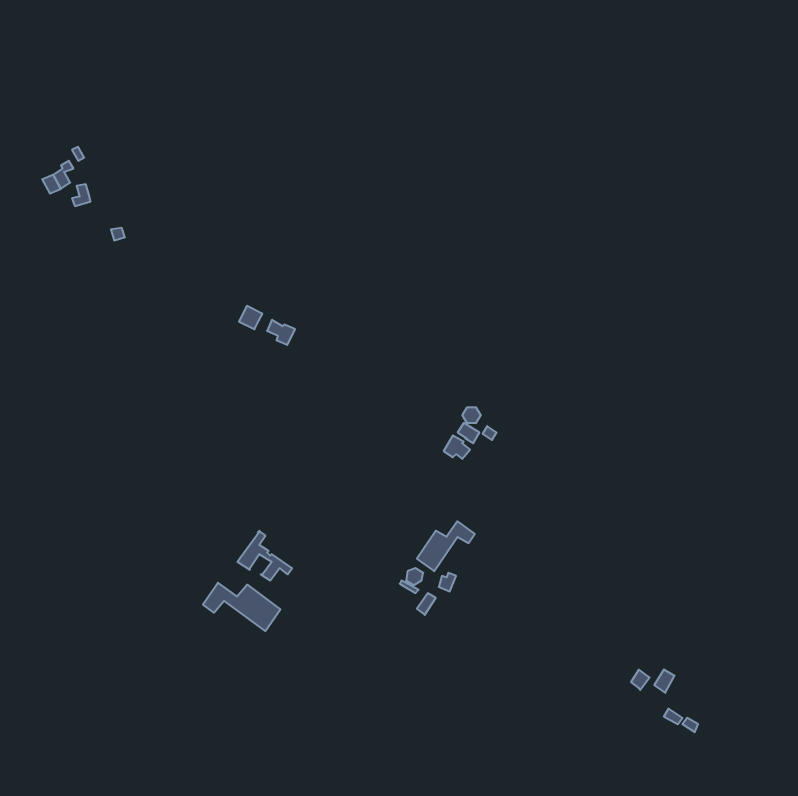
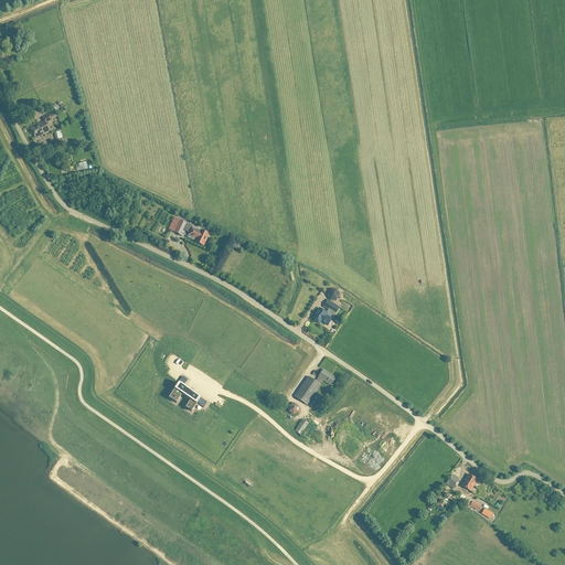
building: [203,583,280,631] -> none

